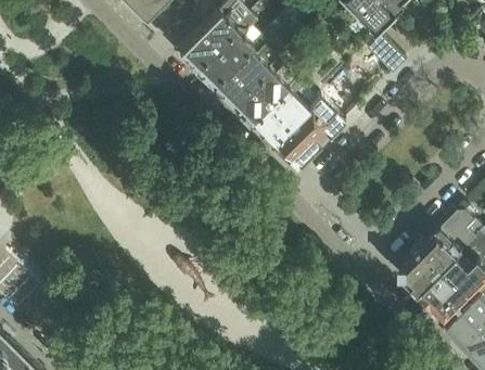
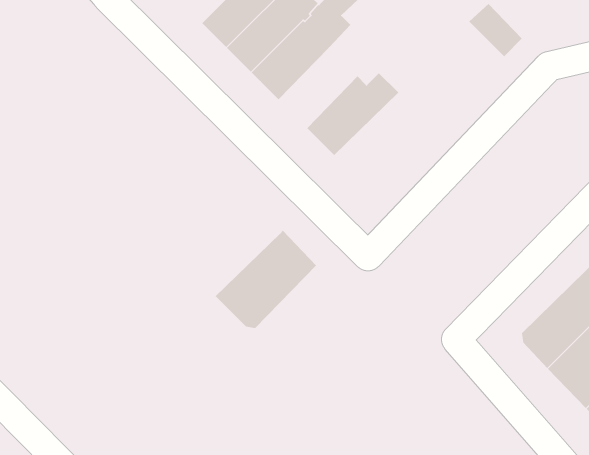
building: [232,71,288,127] -> none
building: [271,100,343,169] -> [215,230,317,329]

